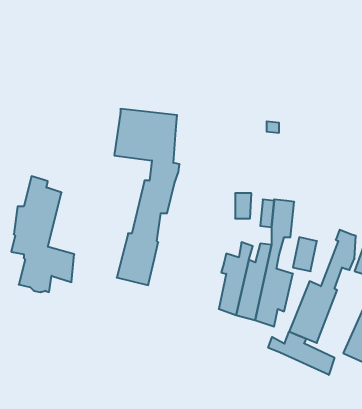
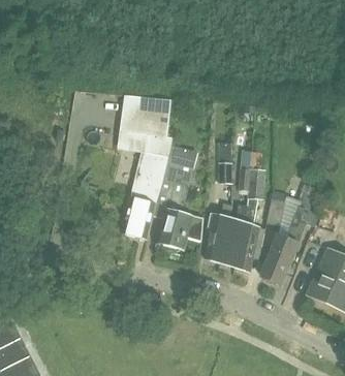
building: [11,176,74,292] -> [150,154,201,249]
building: [268,332,334,375] -> none

